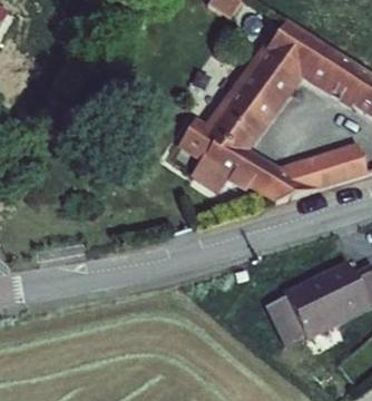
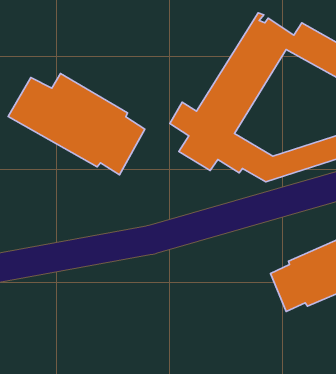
building: none -> [8,74,145,175]

